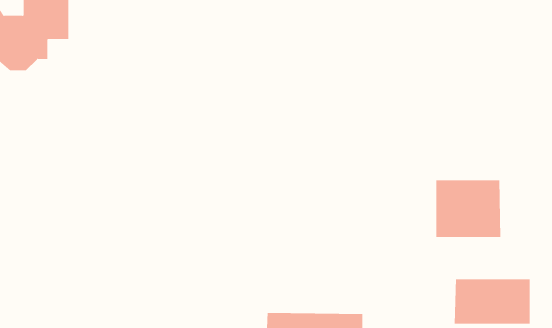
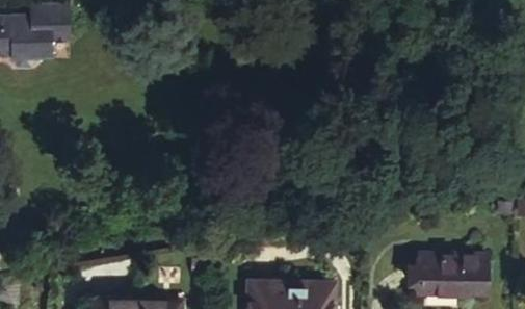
building: [436,179,501,238] -> none

